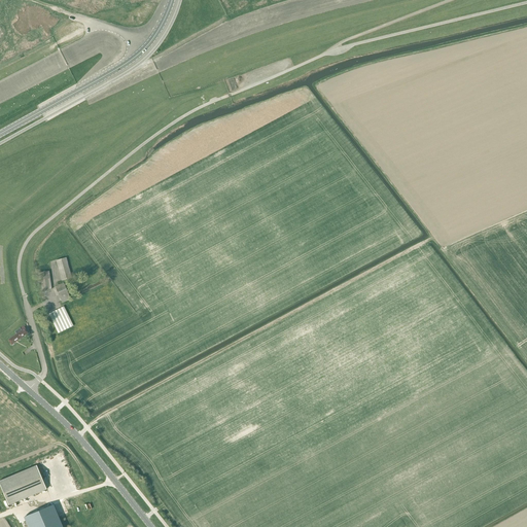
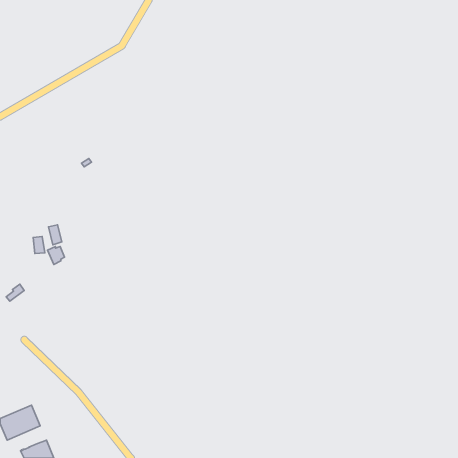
building: [47,306,72,333] -> none

